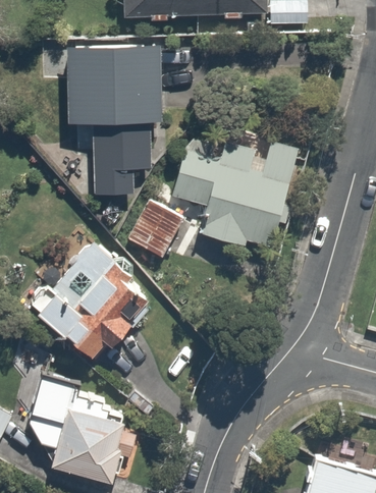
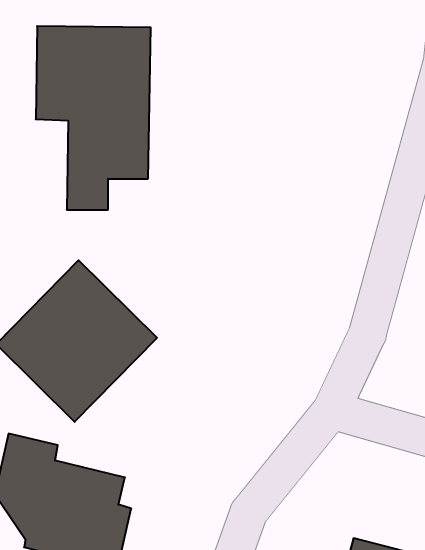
building: [169,139,300,251] -> none
building: [131,202,181,254] -> none

